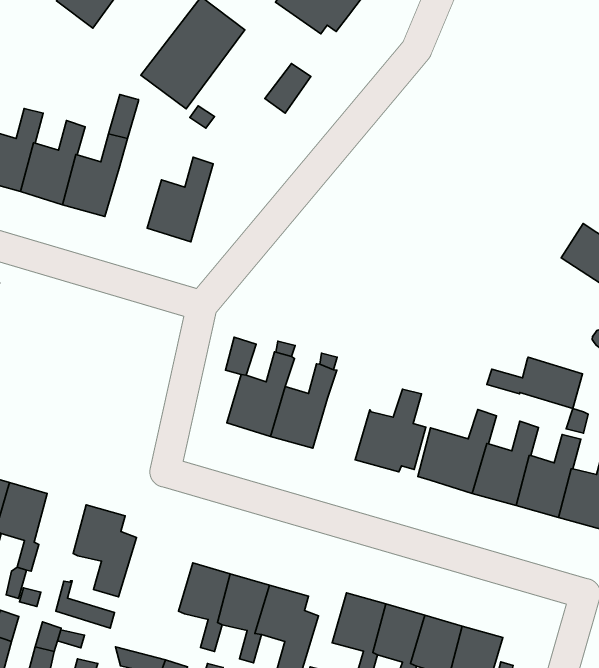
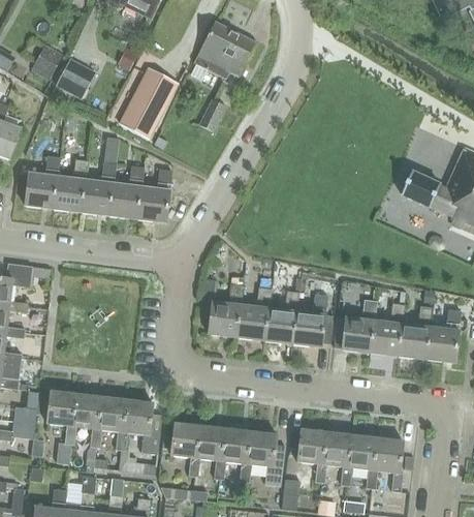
building: none -> [109,165,145,218]
building: [487,357,583,408] -> none
building: none -> [264,290,299,343]
building: none -> [98,396,127,450]
building: none -> [170,422,200,476]

